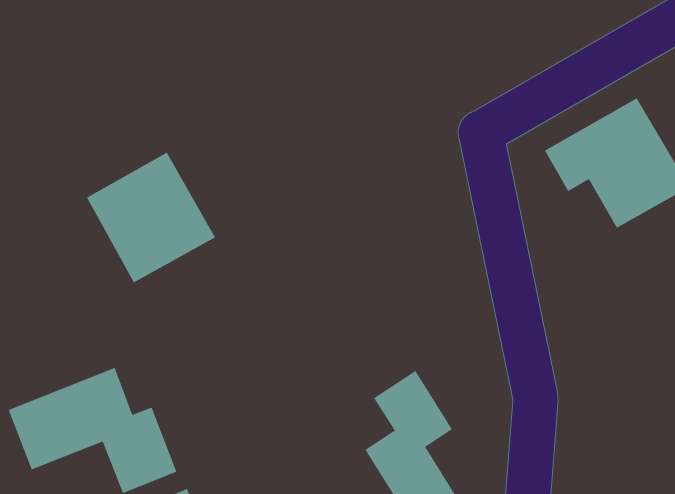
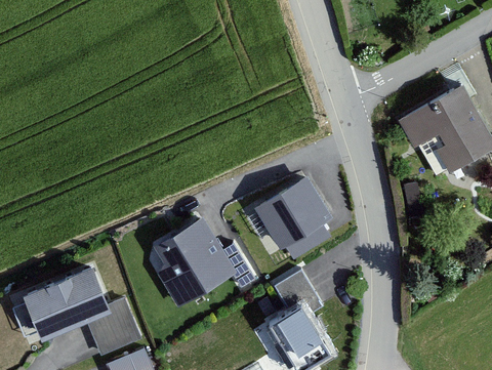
building: [86,152,216,283] -> [145,212,235,303]
building: none -> [257,178,336,253]

